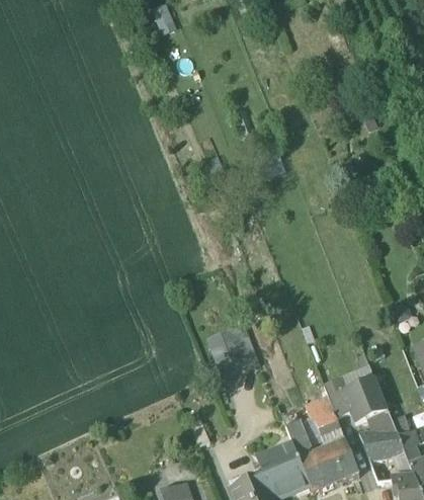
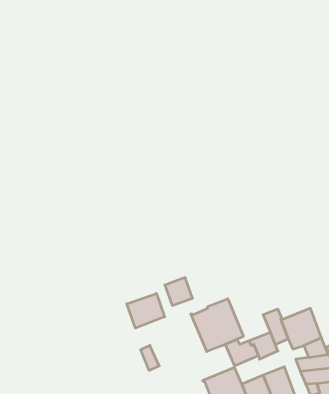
building: none -> [127,293,165,328]
building: none -> [191,299,243,352]

